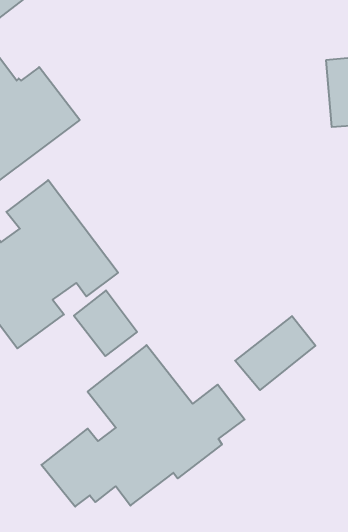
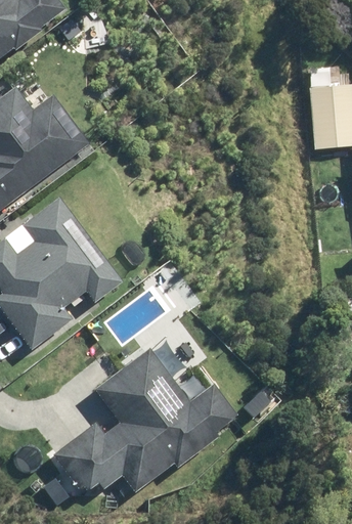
building: [74,290,137,356] -> none
building: [235,316,315,390] -> none

